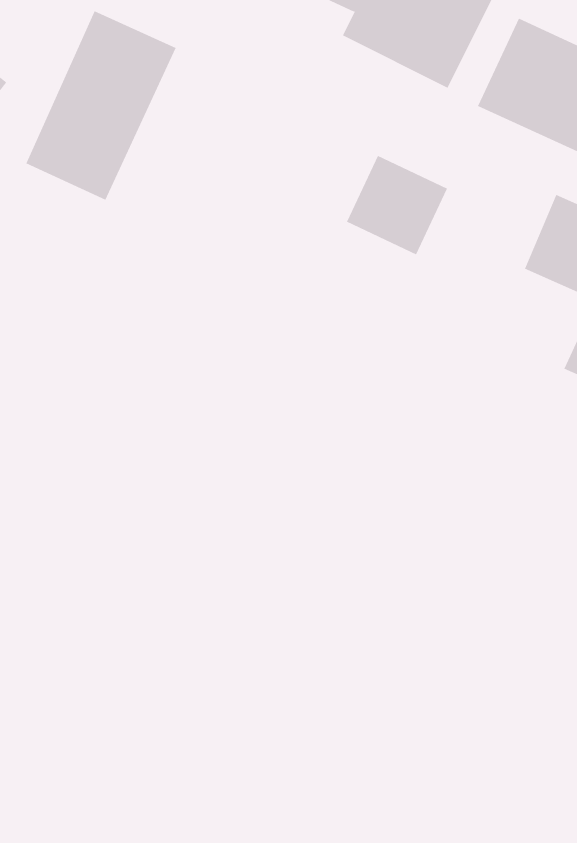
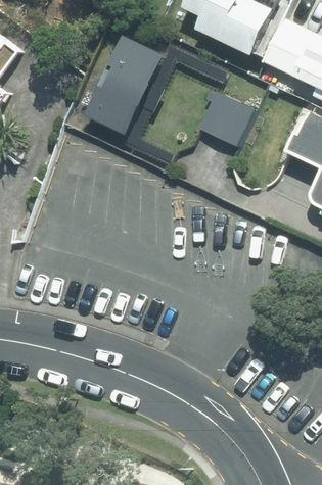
building: [26,11,176,201] -> [85,37,164,136]

